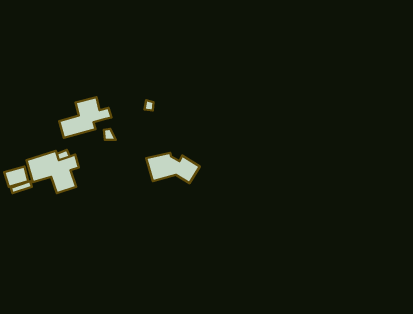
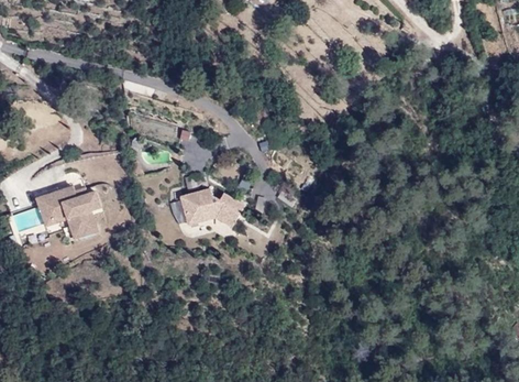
building: [59,97,111,138] -> none

